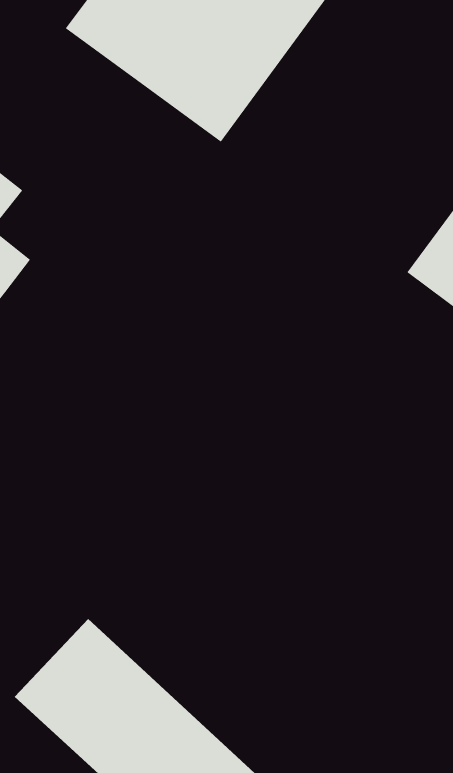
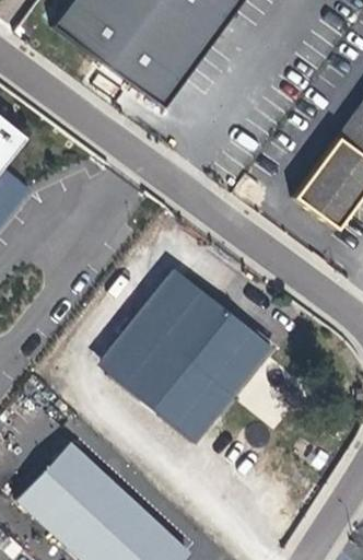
building: none -> [108,277,271,441]

